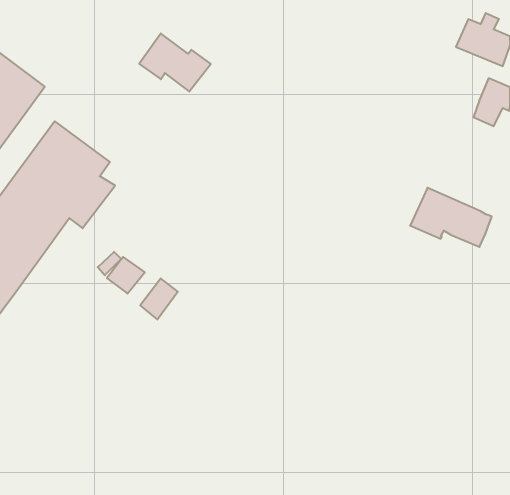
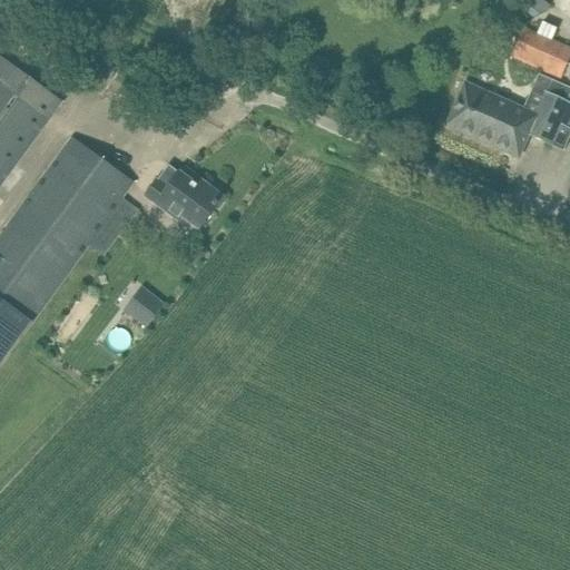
building: [139,33,211,92] -> [145,164,223,227]
building: [410,188,492,247] -> [446,83,535,148]
building: [140,278,178,320] -> none

